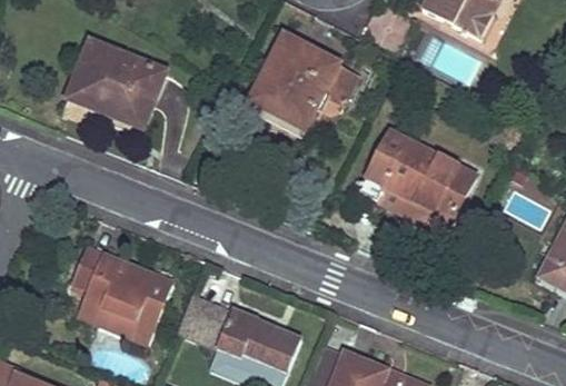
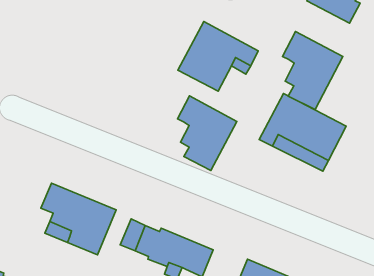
building: [69,42,166,128] -> none
building: none -> [282,32,343,110]
building: none -> [177,96,237,170]

